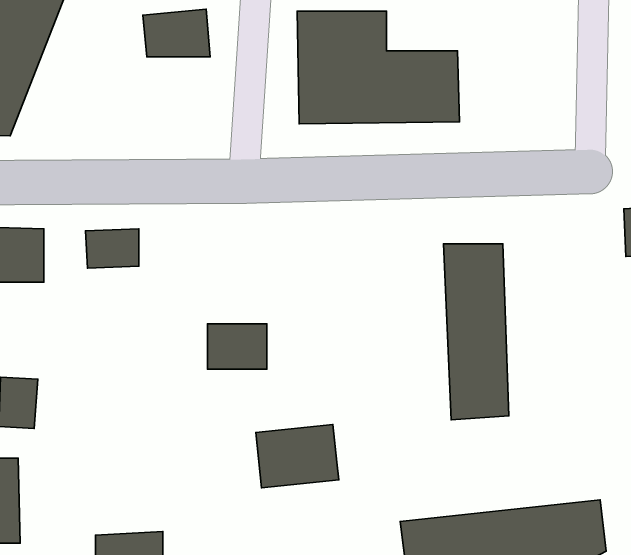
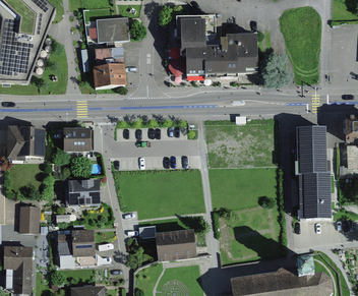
building: none -> [92,46,125,86]
building: [443,244,509,420] -> [295,127,329,218]
building: [207,324,267,369] -> [68,179,99,202]
building: none -> [57,230,95,256]

